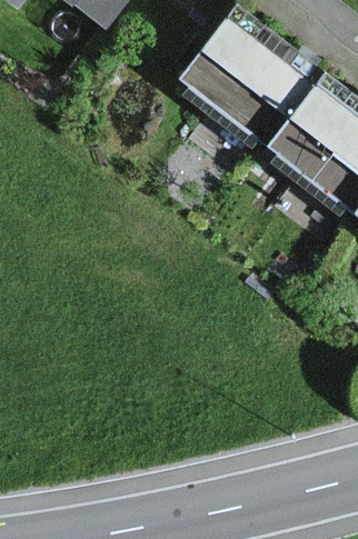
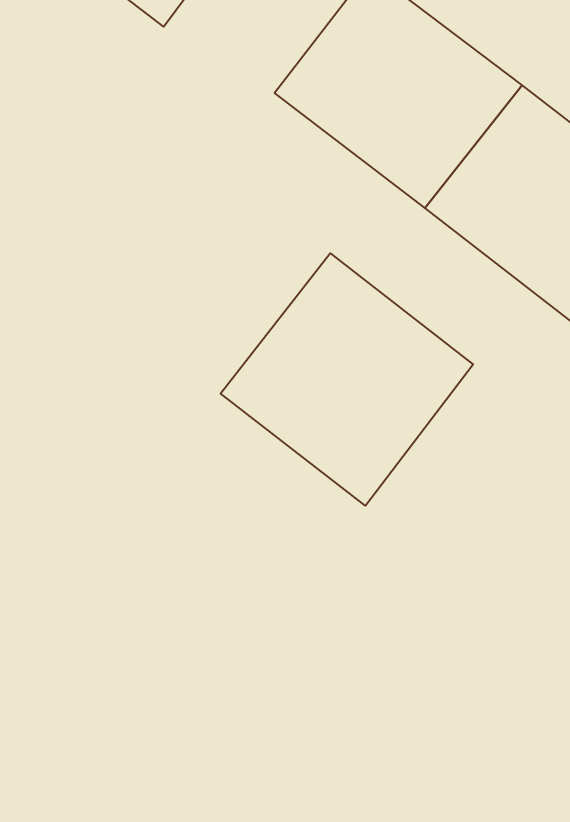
building: none -> [221,253,473,506]

